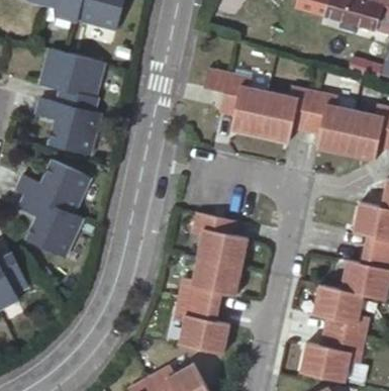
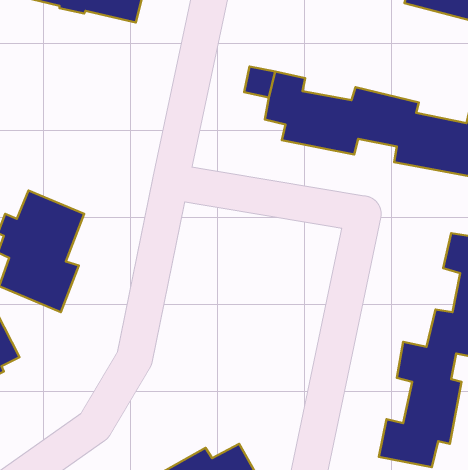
building: [35,56,96,156] -> none
building: [179,206,251,352] -> none

